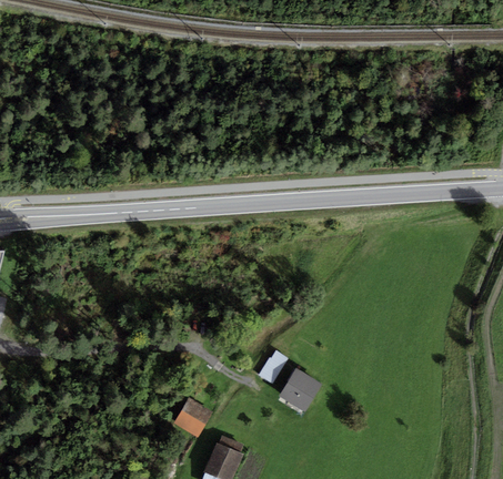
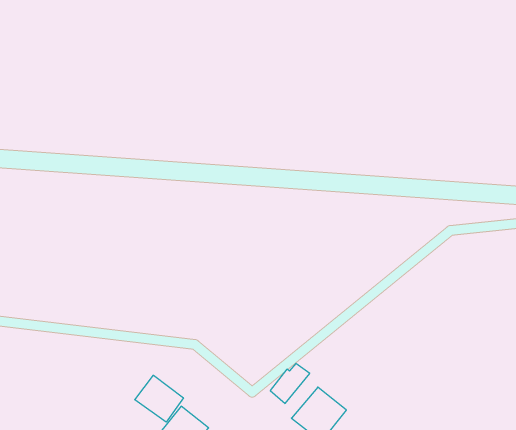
building: none -> [135,375,183,422]

